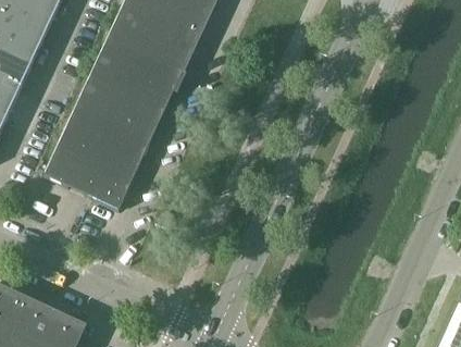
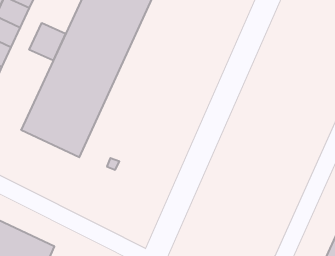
building: none -> [29,23,66,61]

